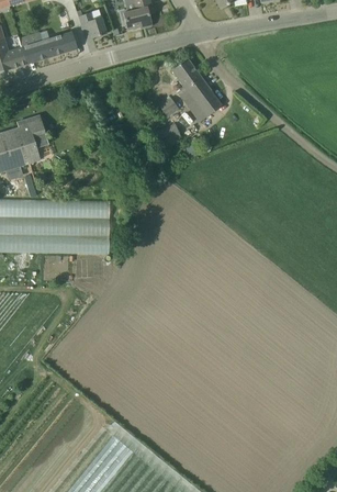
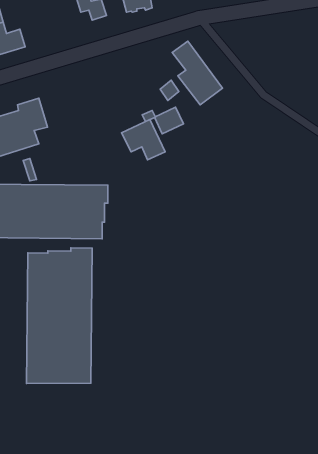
building: [21,32,76,64] -> none
building: none -> [122,120,165,160]
building: none -> [27,248,92,383]

